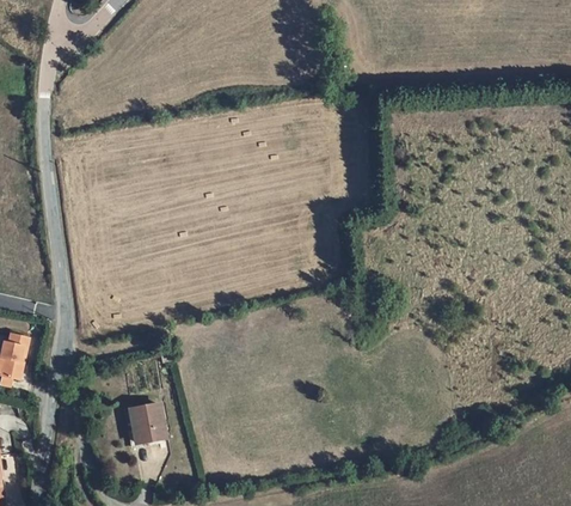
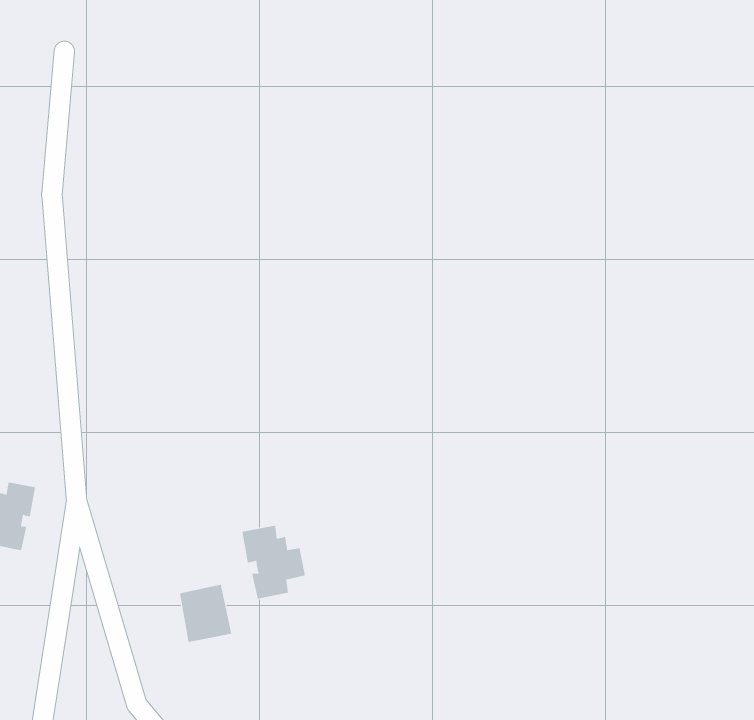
building: none -> [242,525,306,600]

